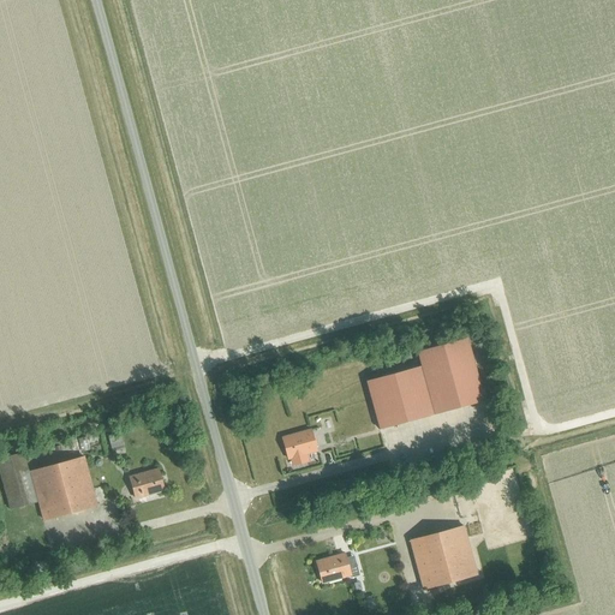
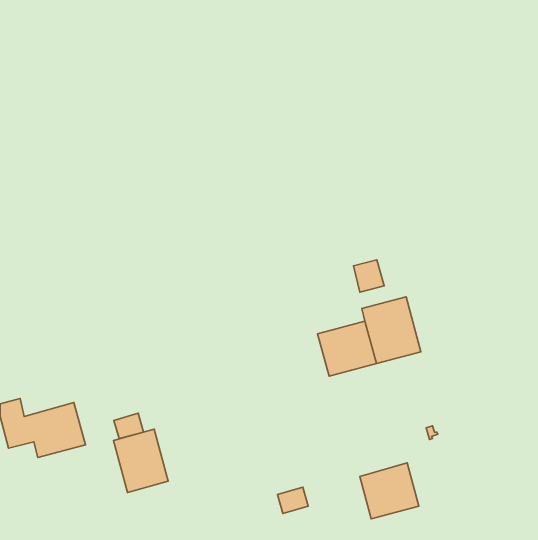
building: none -> [354,260,384,292]
building: [283,430,317,465] -> none
building: none -> [113,429,168,492]

